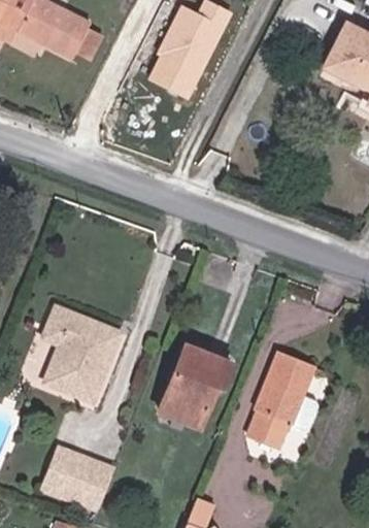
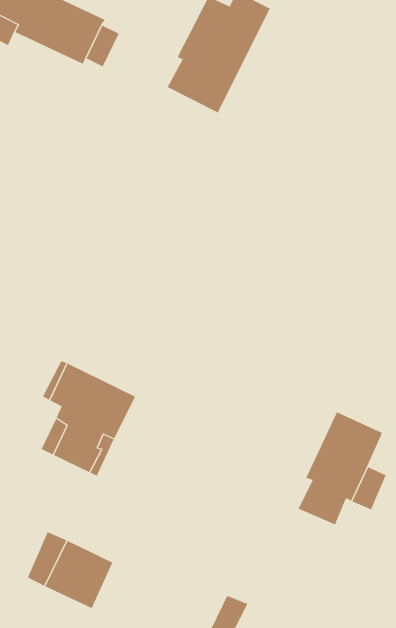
building: [161,346,236,423] -> none

